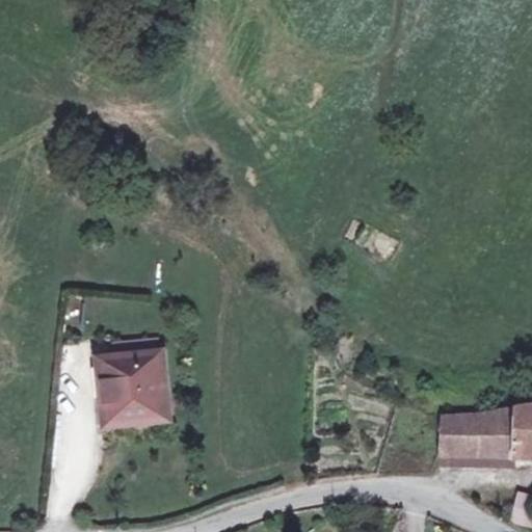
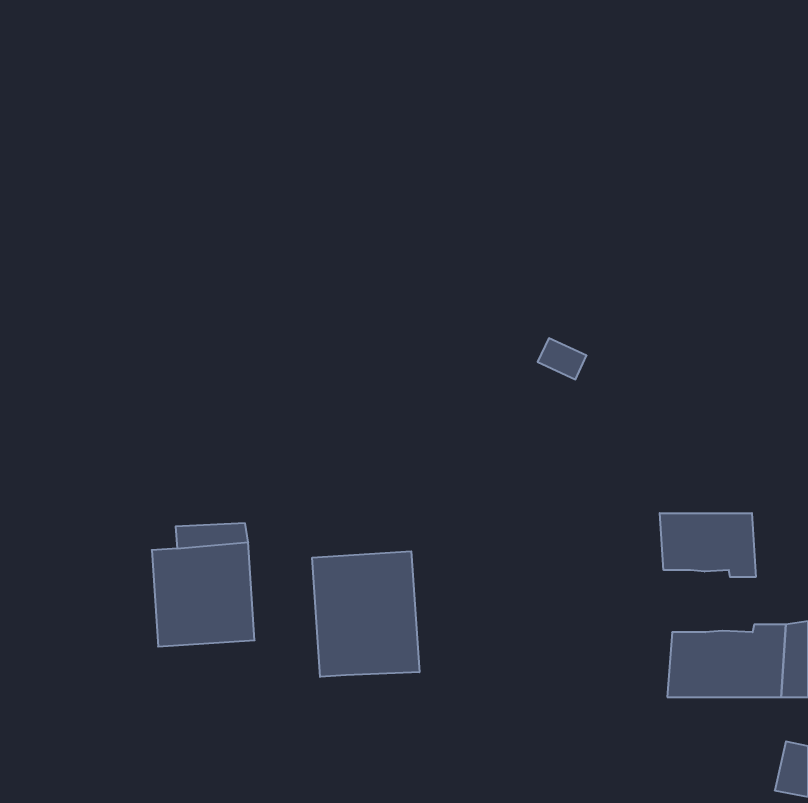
building: none -> [660,513,756,577]
building: none -> [312,551,419,677]

